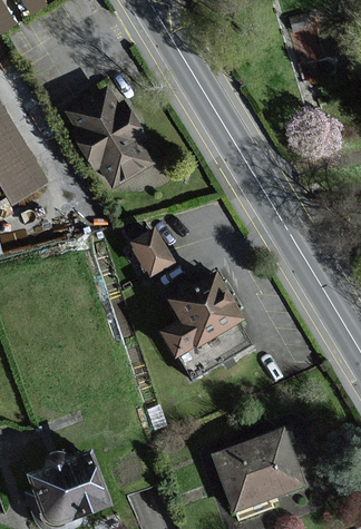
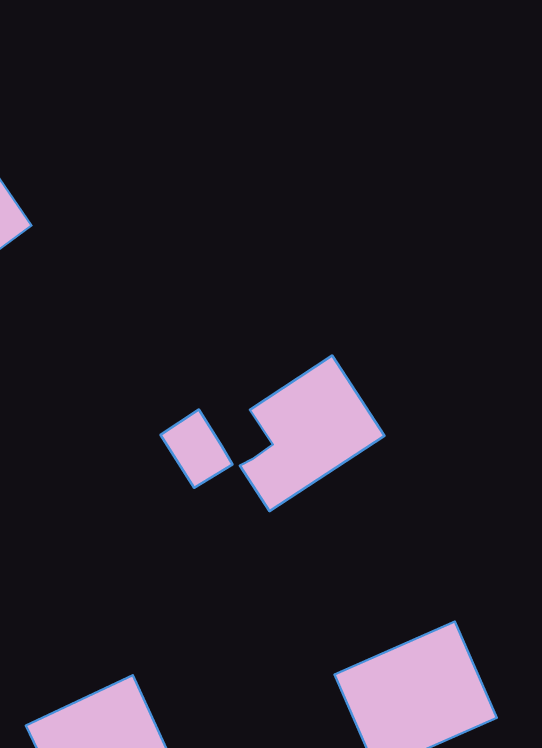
building: [66,84,152,185] -> none
building: [128,229,169,275] -> [160,410,233,488]

